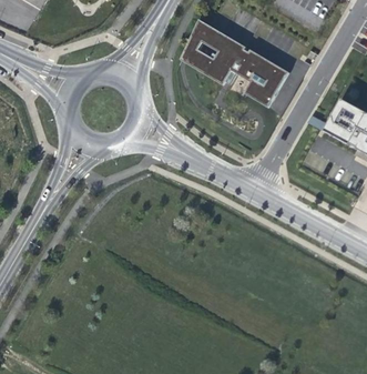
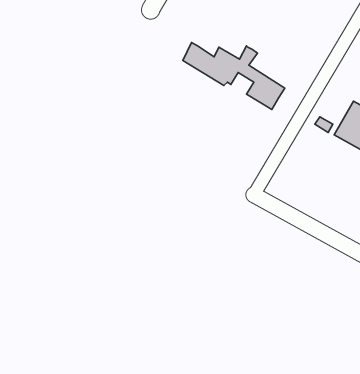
building: [180,19,245,62] -> none
building: [245,50,287,88] -> none

